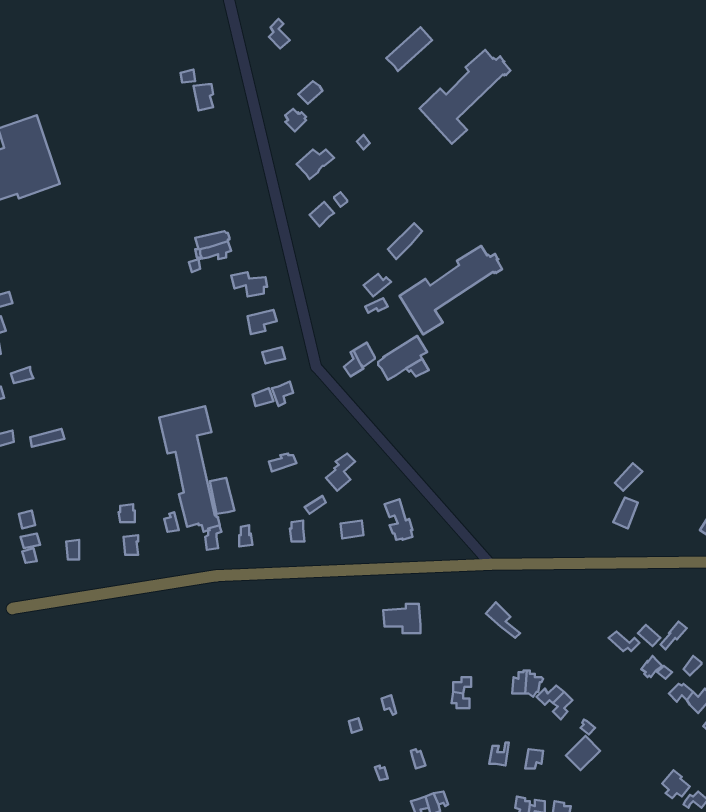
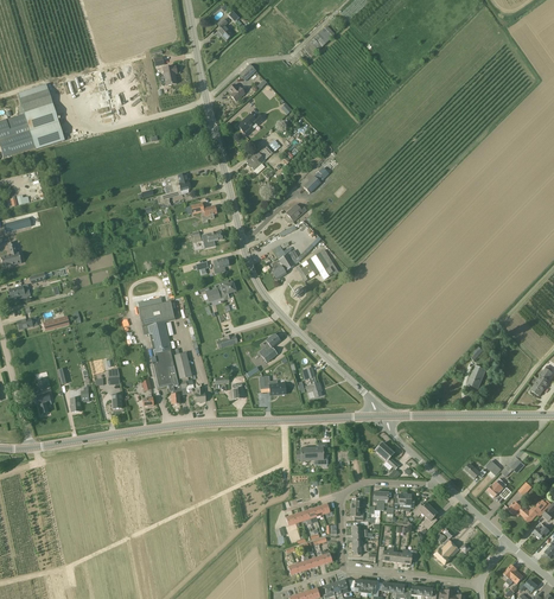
building: [420,50,511,144] -> none
building: [399,246,502,334] -> none

